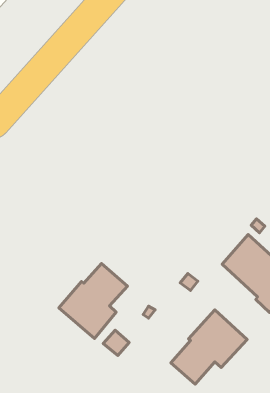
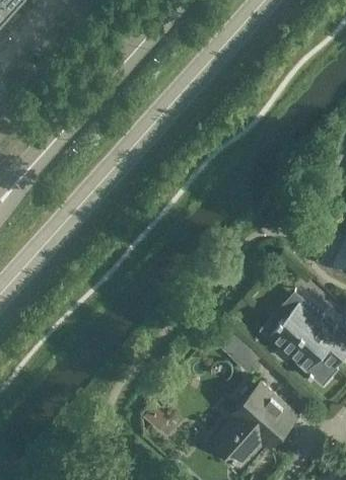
building: [59,264,127,338] -> none

